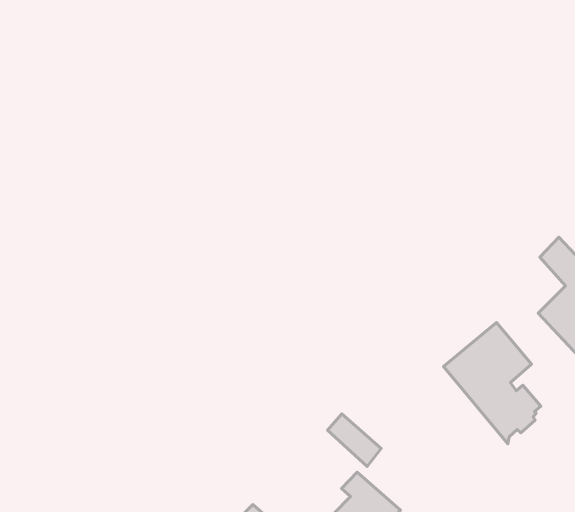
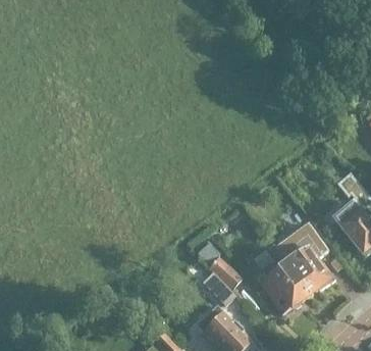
building: none -> [253,244,311,310]
building: none -> [197,242,241,288]

